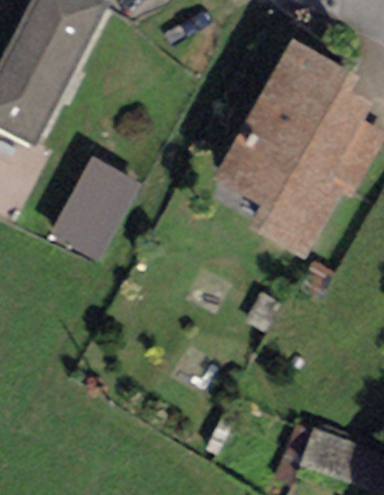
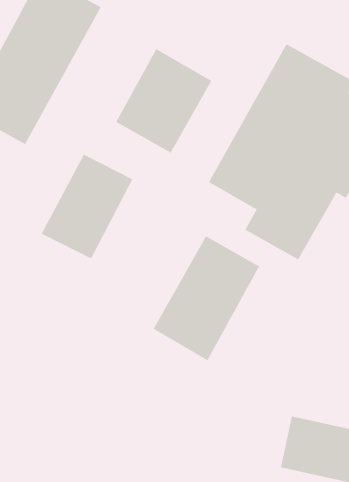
building: none -> [116,48,212,154]
building: none -> [153,235,260,361]

